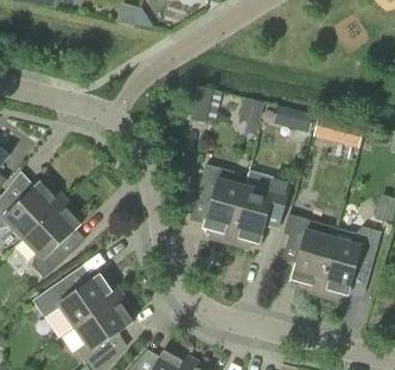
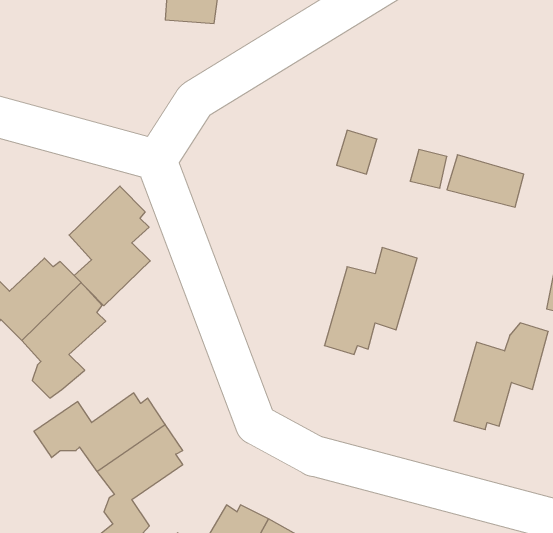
building: none -> [69,186,150,306]
building: [197,162,244,241] -> none
building: [288,215,336,292] -> none

